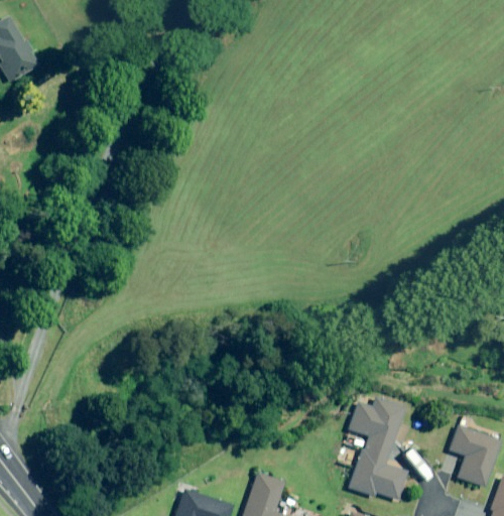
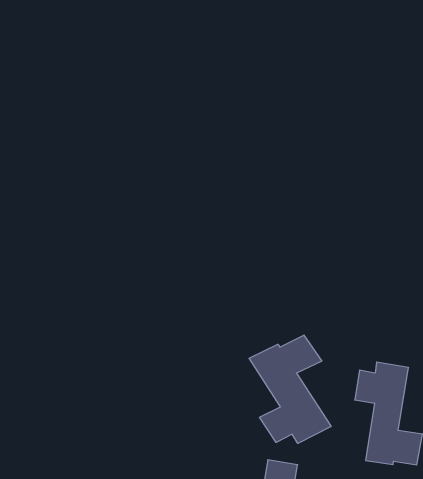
building: none -> [249,335,331,443]

